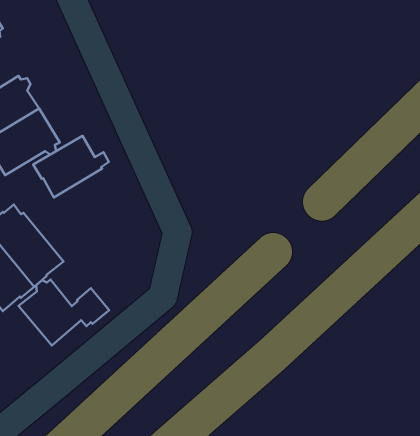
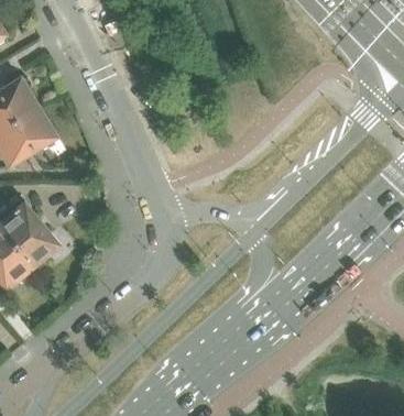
building: [33,136,109,197] -> none
building: [18,280,109,346] -> none

